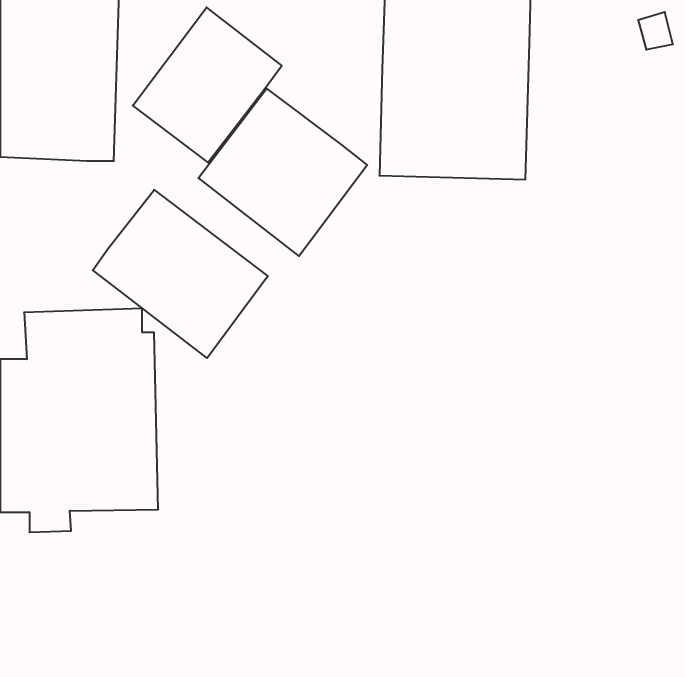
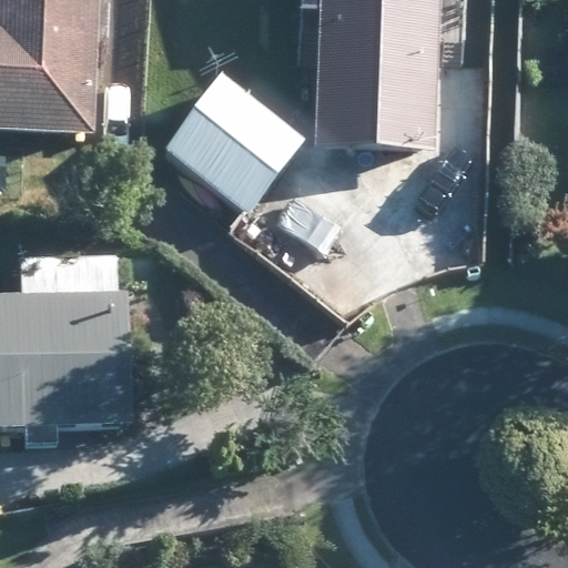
building: [133,7,282,163] -> none
building: [93,190,268,358] -> none

